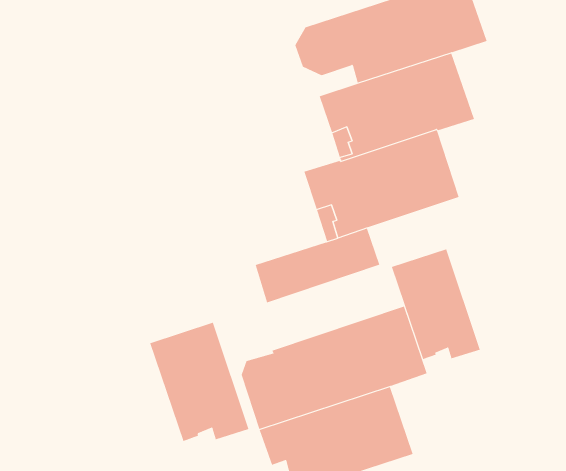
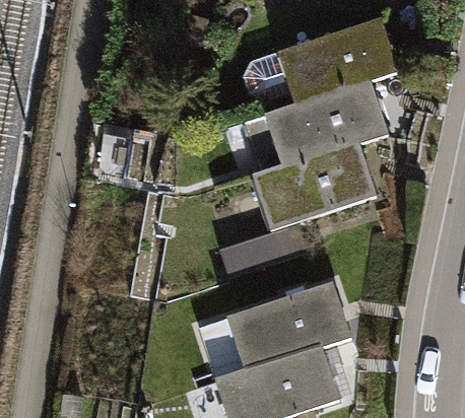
building: [391,248,481,360] -> none
building: [149,322,249,442] -> none

